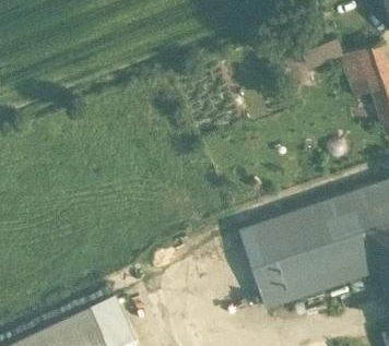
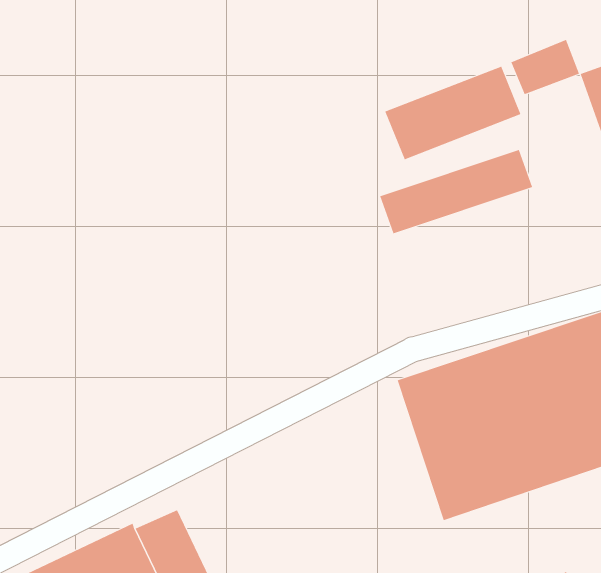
building: none -> [385,66,521,160]
building: none -> [379,149,533,234]

